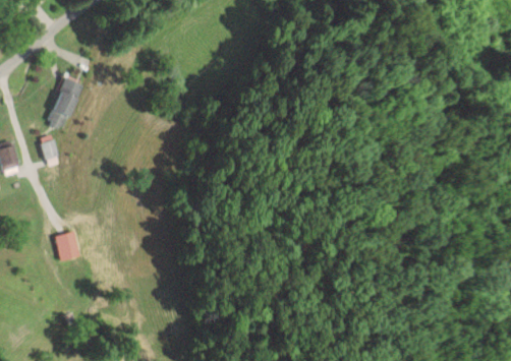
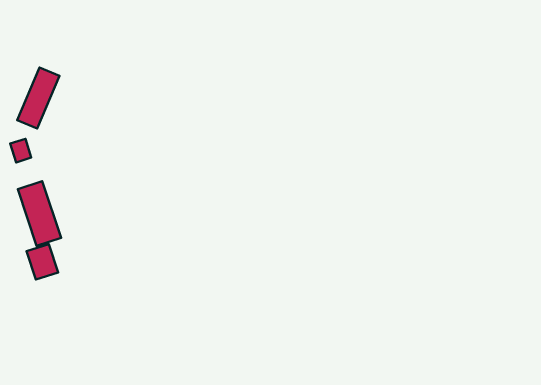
building: none -> [18,181,61,246]

